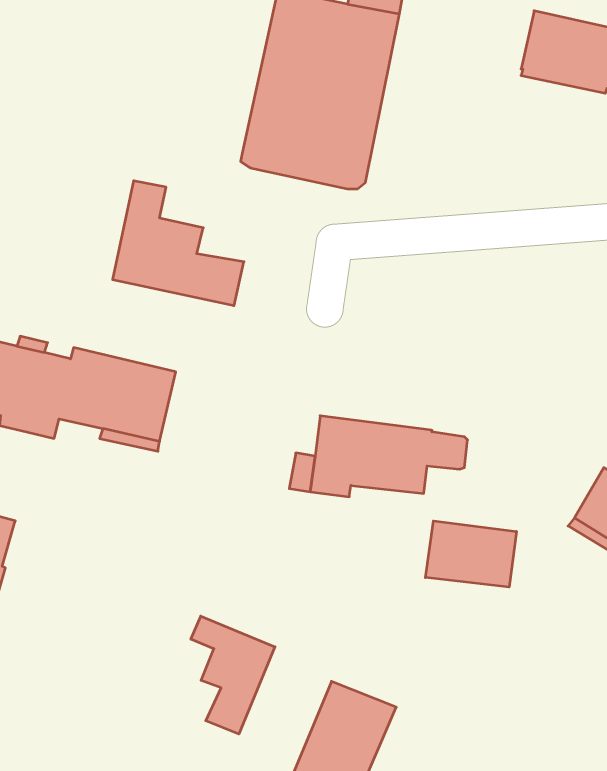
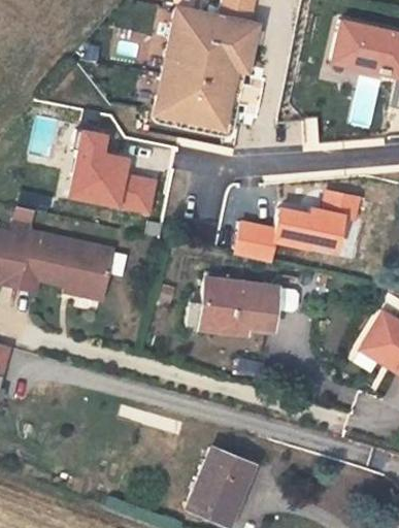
building: none -> [237,191,359,261]
building: [425,521,516,587] -> none
building: [191,616,275,734] -> none

